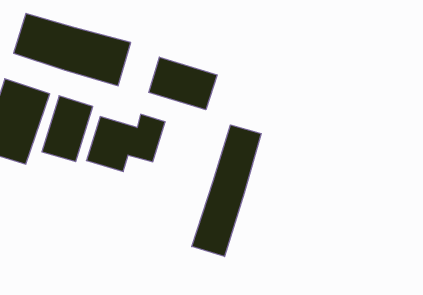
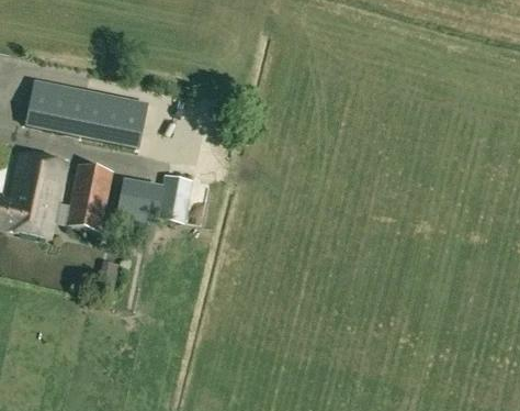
building: [149,57,217,110] -> none
building: [192,125,261,257] -> none

